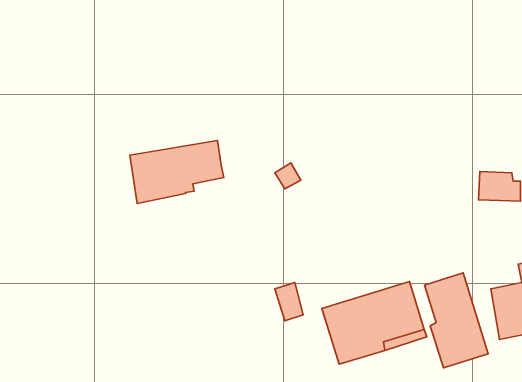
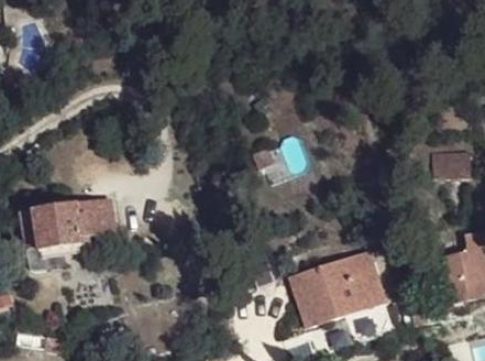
building: [130,140,224,203] -> [32,197,115,253]
building: [424,273,488,368] -> none

